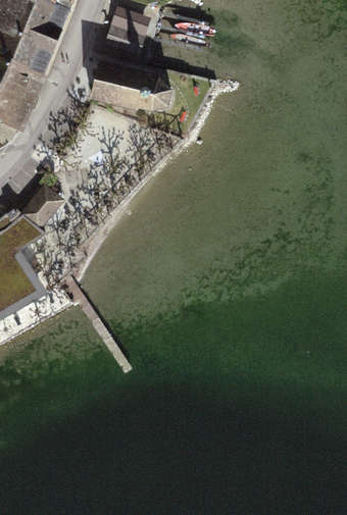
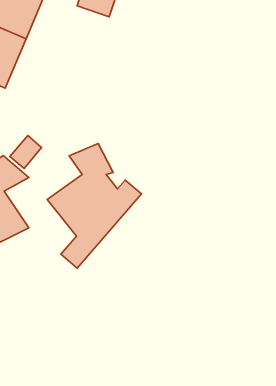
building: [92,64,170,111] -> none
building: none -> [47,144,142,268]

